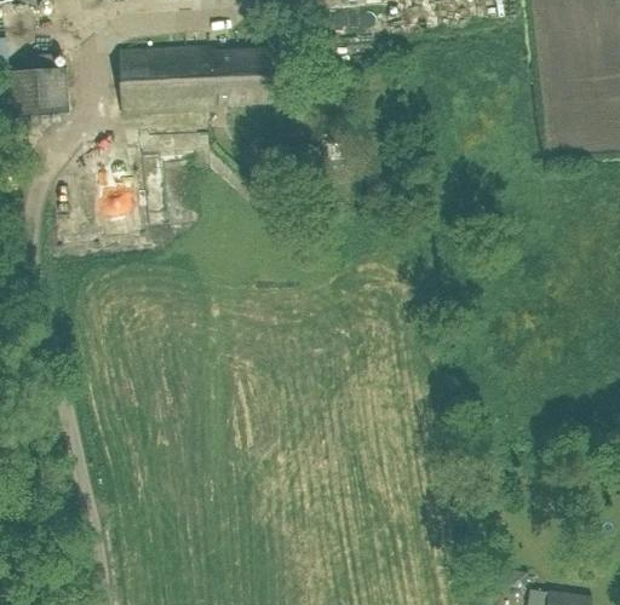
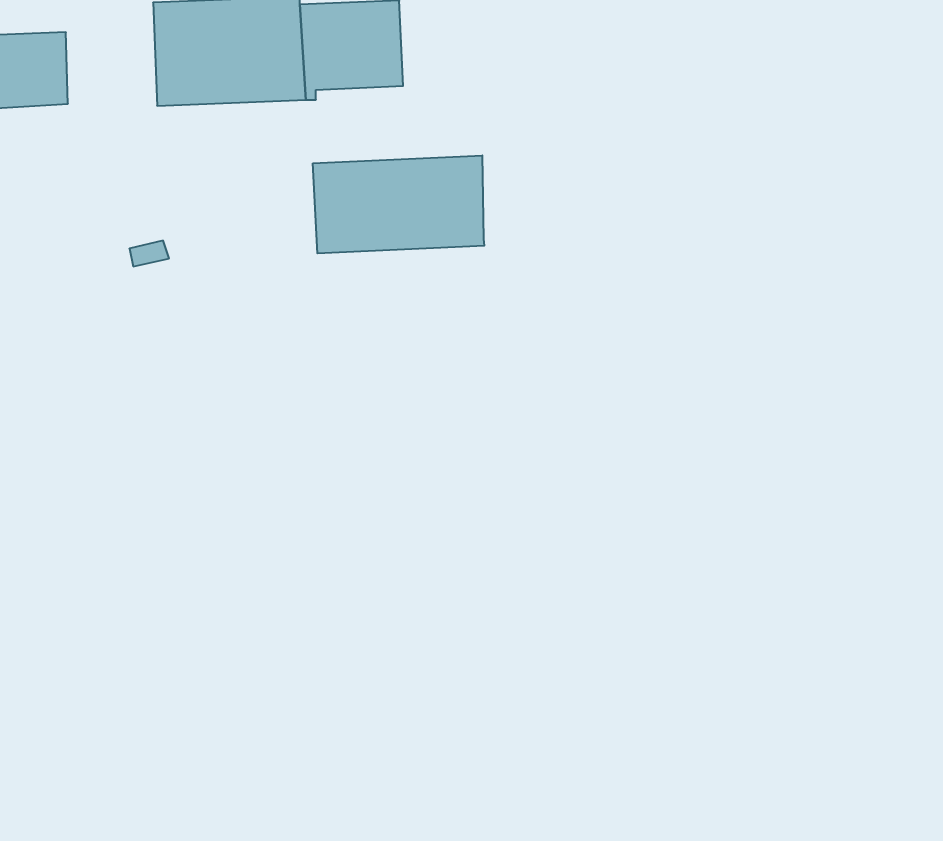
building: none -> [313,155,484,253]

